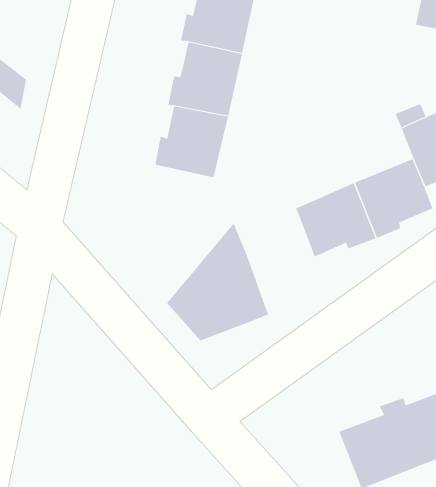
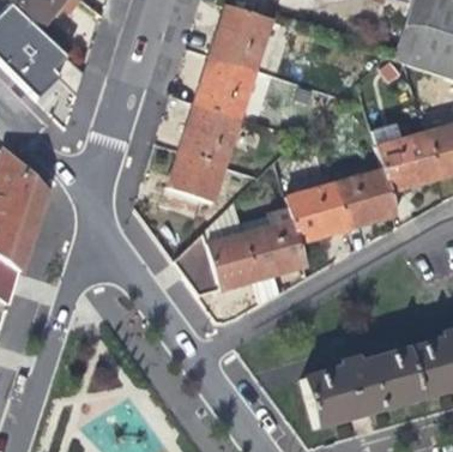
building: none -> [159,150,223,216]
building: none -> [243,218,303,276]

